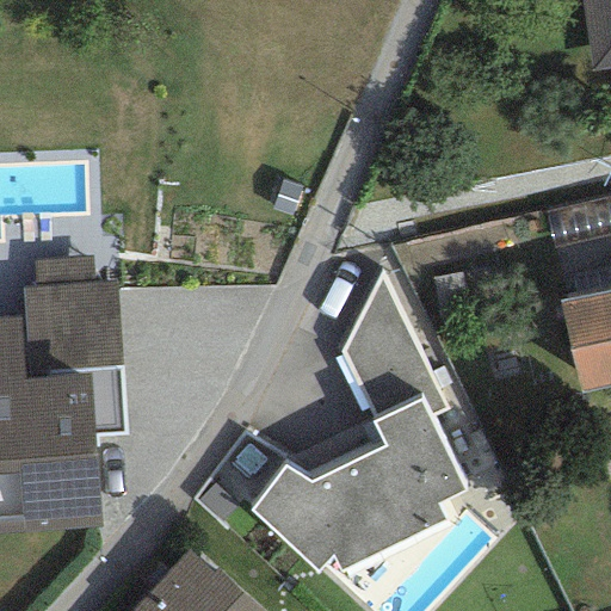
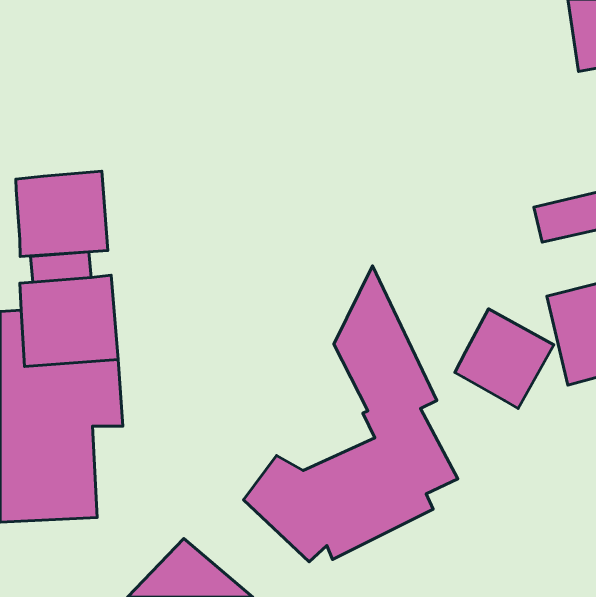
building: none -> [16,171,108,256]
building: none -> [455,309,554,409]

